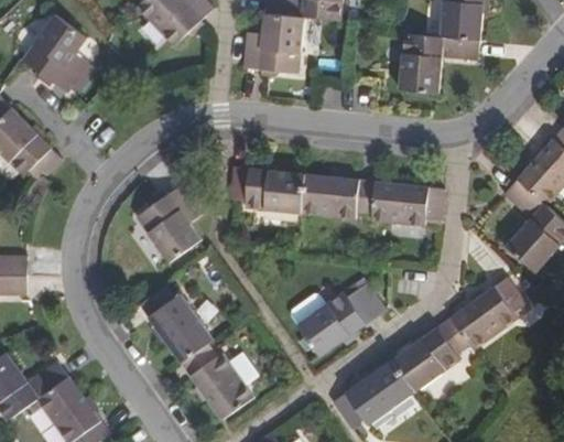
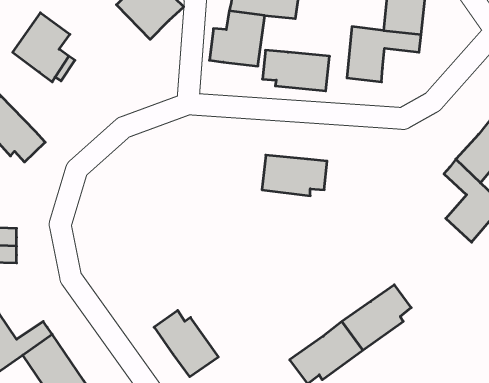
building: [231,168,306,213] -> [262,50,330,91]
building: [371,181,443,226] -> none
building: [138,185,202,262] -> none
building: [449,277,525,351] -> none
building: [140,288,214,366] -> none
building: [299,290,379,358] -> none

